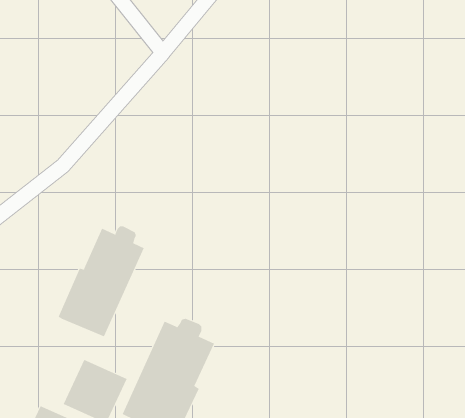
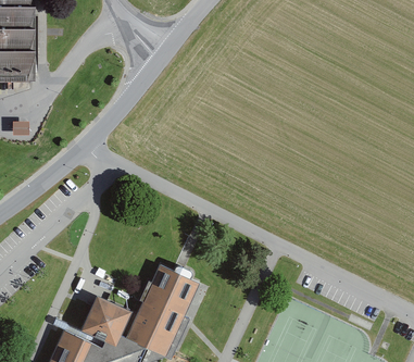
building: [58,226,145,337] -> none

